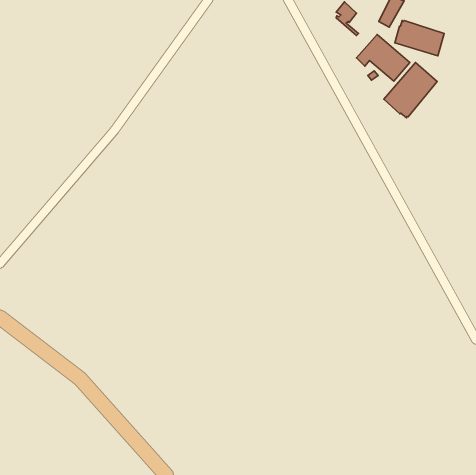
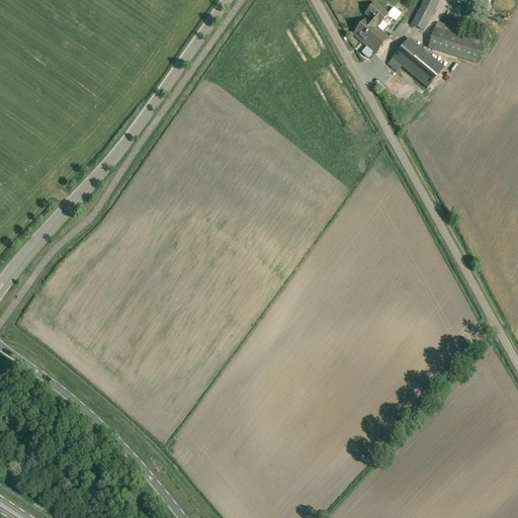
building: none -> [352,19,386,53]
building: [384,62,437,118] -> none

